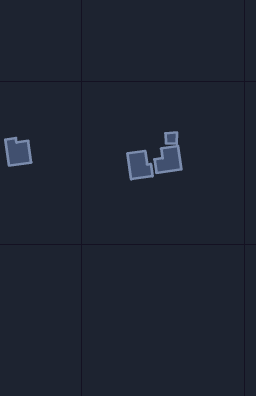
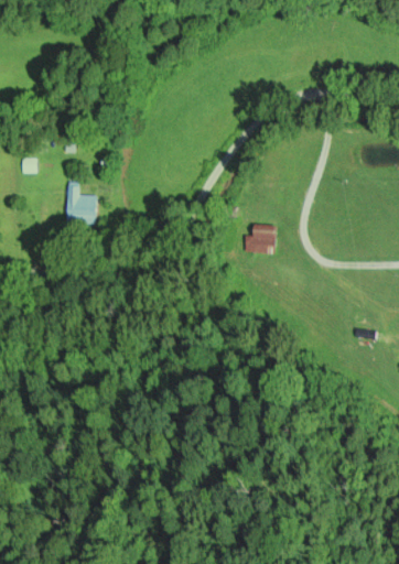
building: [128,151,152,179] -> none

